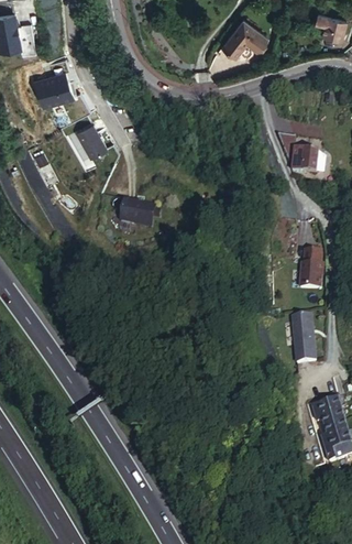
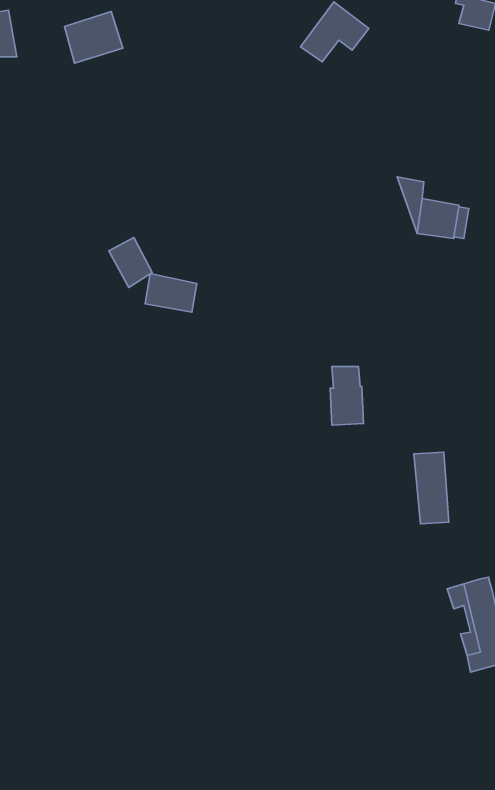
building: [31,72,69,106] -> [65,12,123,63]
building: [72,124,100,157] -> [109,237,152,287]
building: [304,251,326,290] -> [330,367,364,425]

